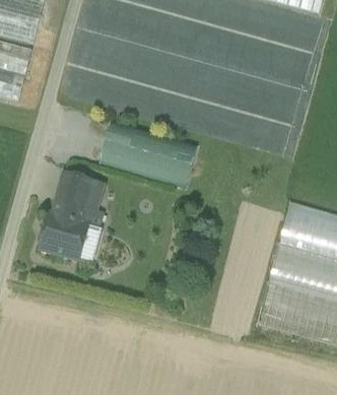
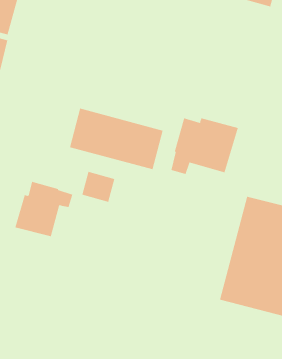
building: none -> [171,118,238,175]
building: [57,171,93,204] -> [81,171,115,202]

